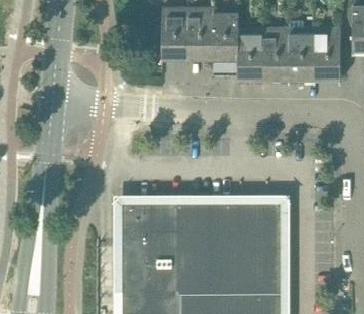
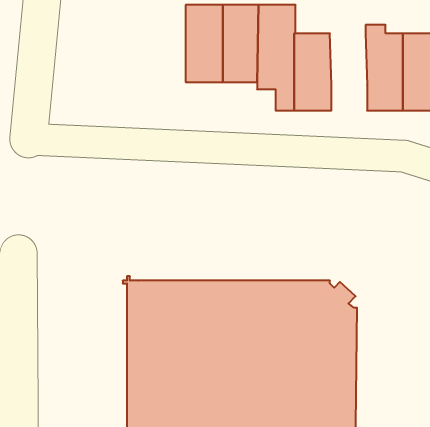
building: [263,27,290,82] -> none

